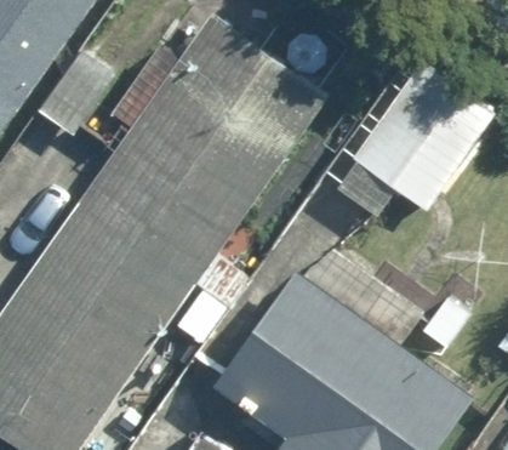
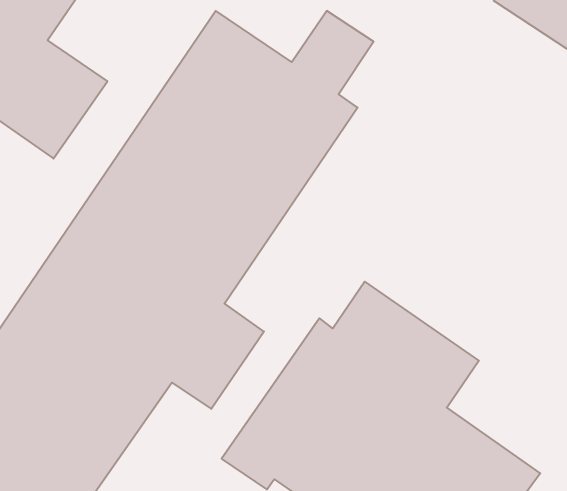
building: [332,64,490,217] -> none

